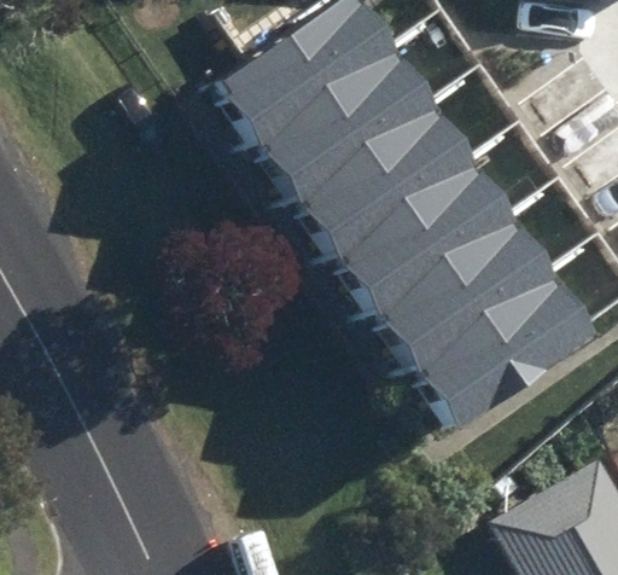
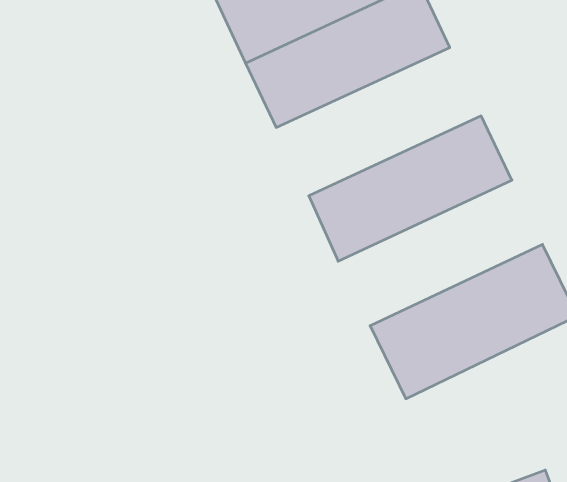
building: [288,95,476,255] -> none
building: [367,208,553,365] -> none

